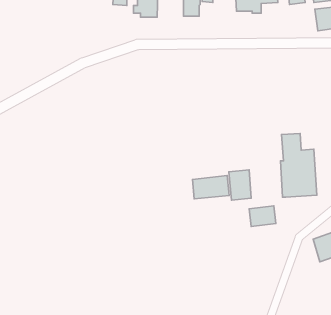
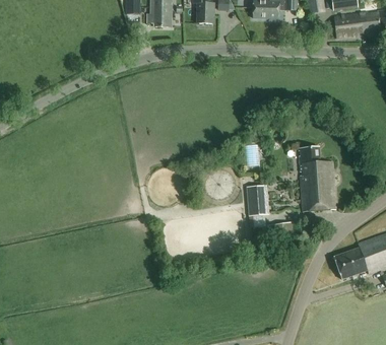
building: [192,175,229,199] -> none

